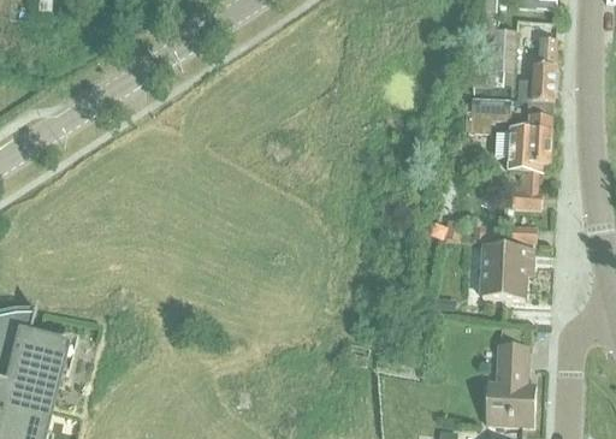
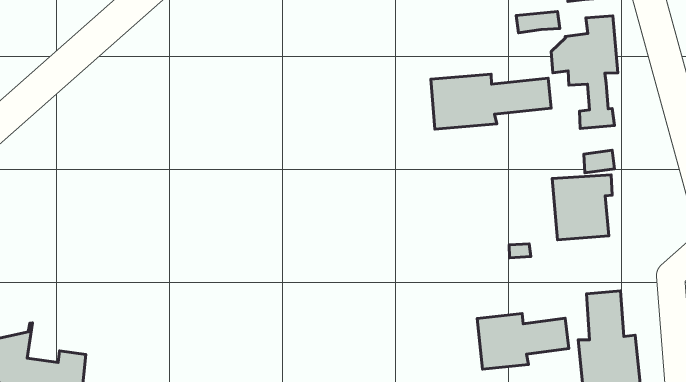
building: none -> [431,74,551,129]
building: none -> [477,314,569,369]

